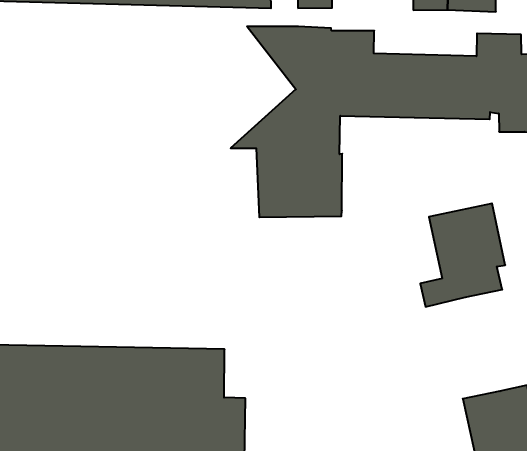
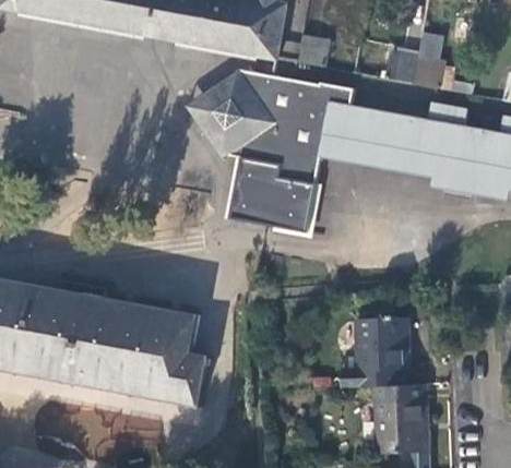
building: none -> [186,69,285,164]
building: [420,203,505,307] -> [341,317,408,388]

